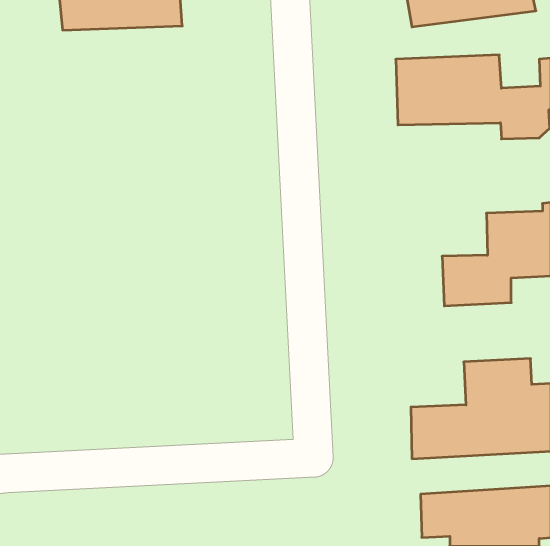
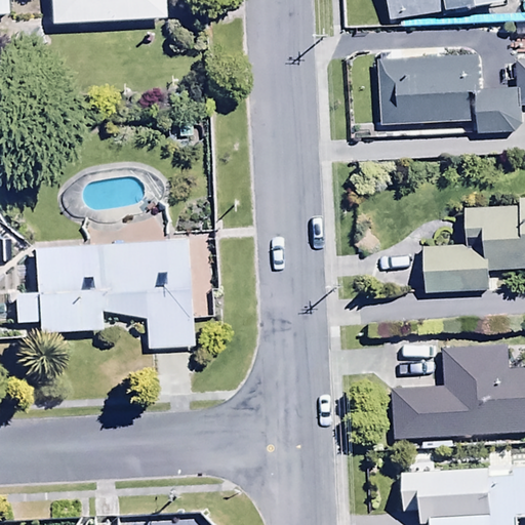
building: none -> [16,247,195,351]

